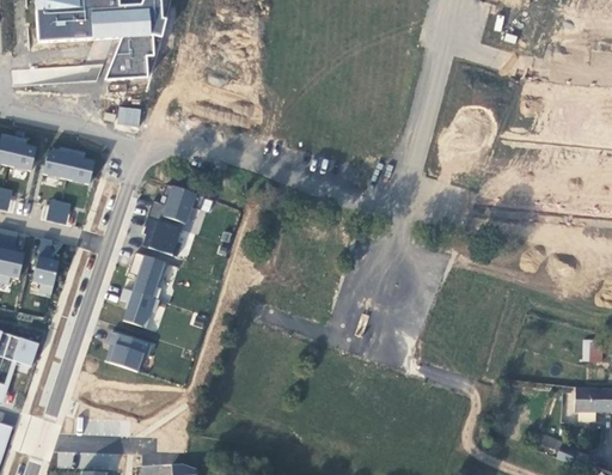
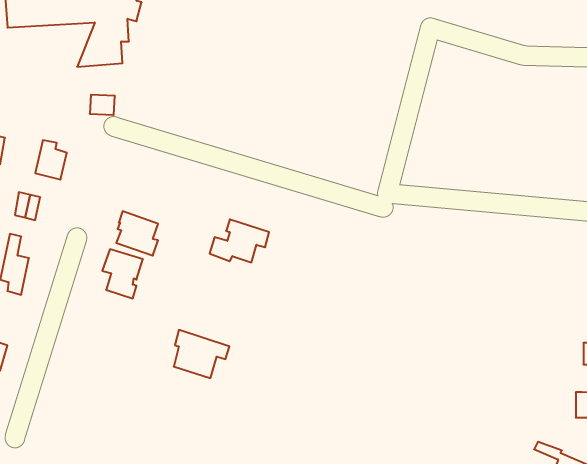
building: [43,145,73,179] -> none
building: [148,183,204,224] -> [210,219,269,262]
building: [120,287,160,329] -> none
building: [104,327,157,372] -> [174,330,229,378]

